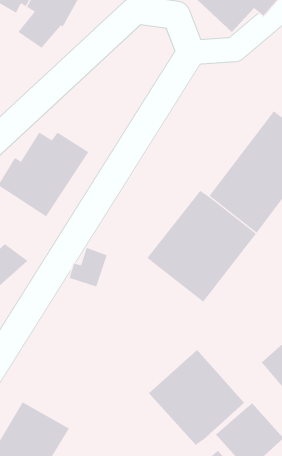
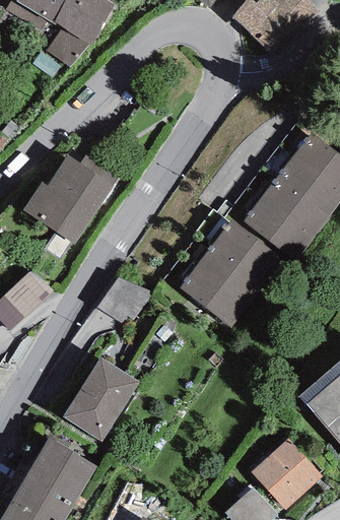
building: none -> [63,356,140,441]
building: [148,349,245,446] -> none

